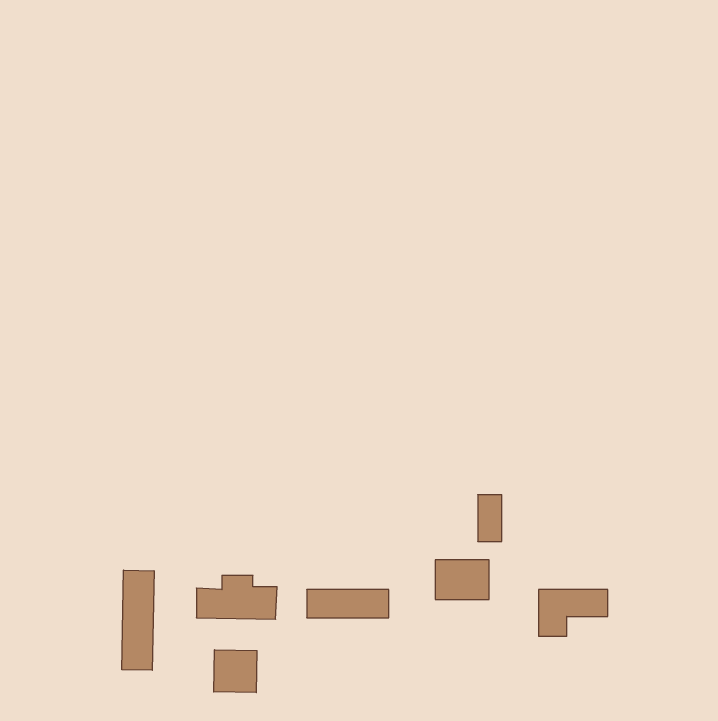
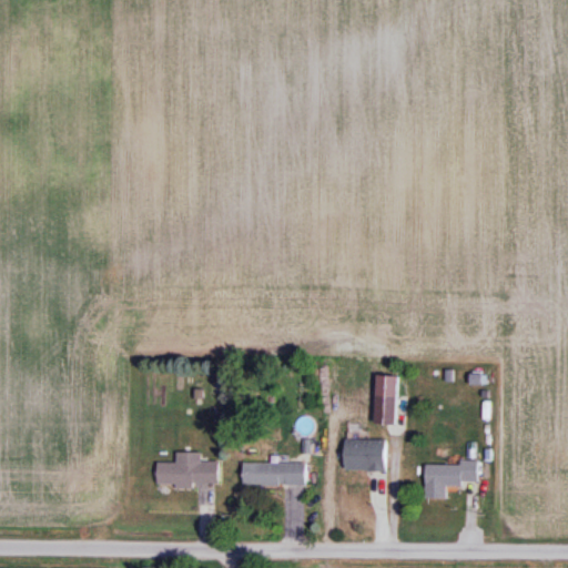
building: [122,570,154,670] -> none
building: [214,650,257,693] -> none

